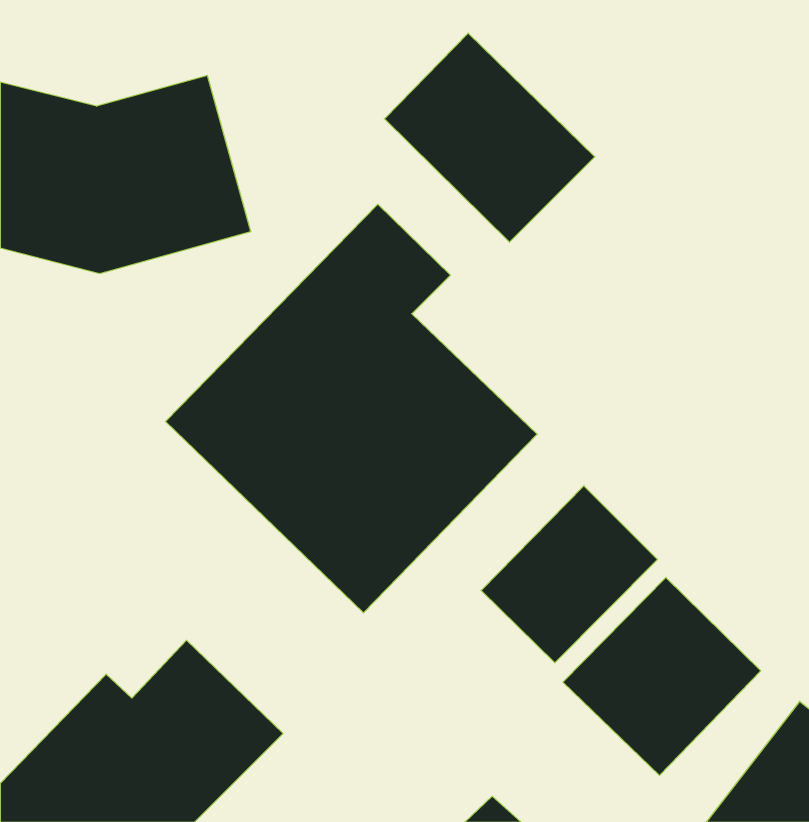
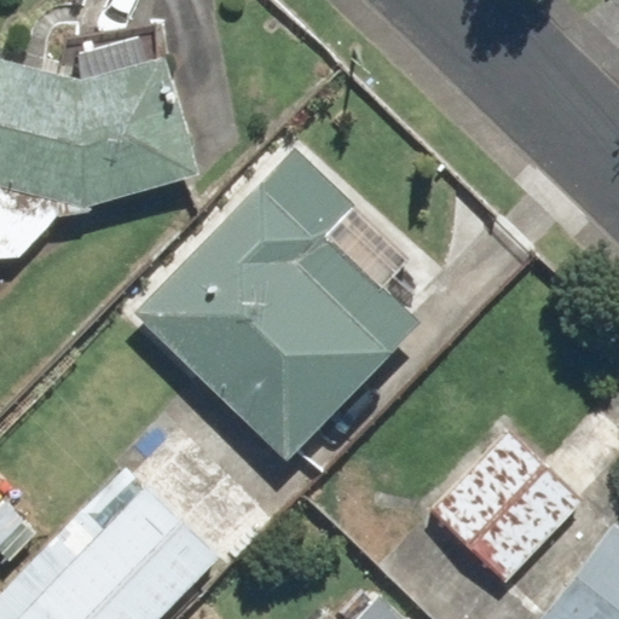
building: [384,33,595,242] -> none
building: [481,486,657,663] -> none

